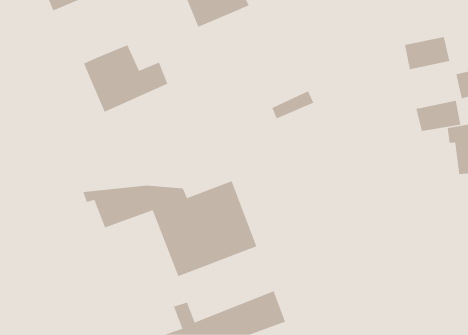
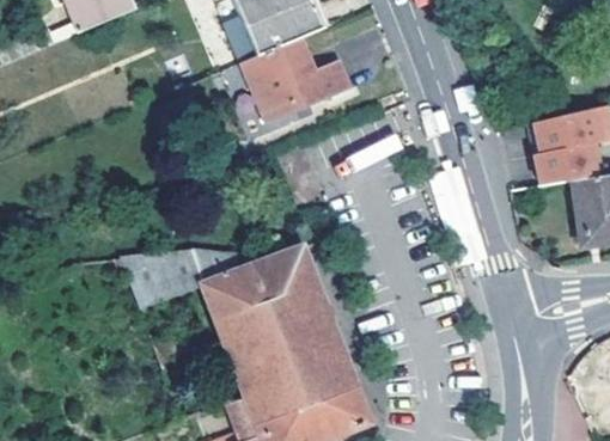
building: [404,36,450,70] -> [531,112,588,154]
building: [83,44,168,112] -> [243,37,349,122]
building: none -> [233,327,354,422]

